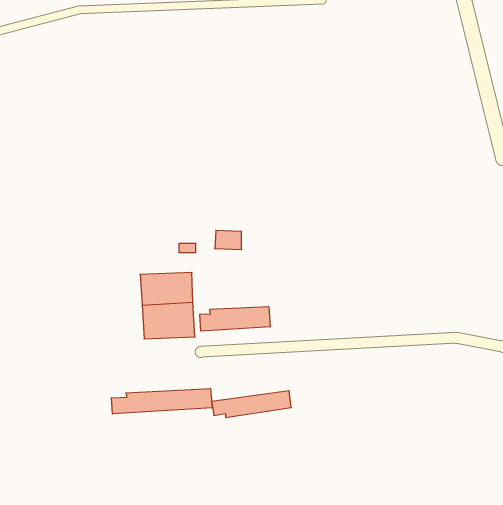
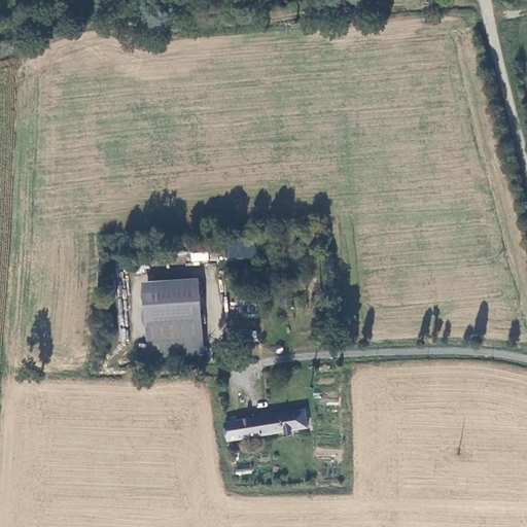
building: [200,307,270,331] -> none
building: [112,388,212,414] -> none

